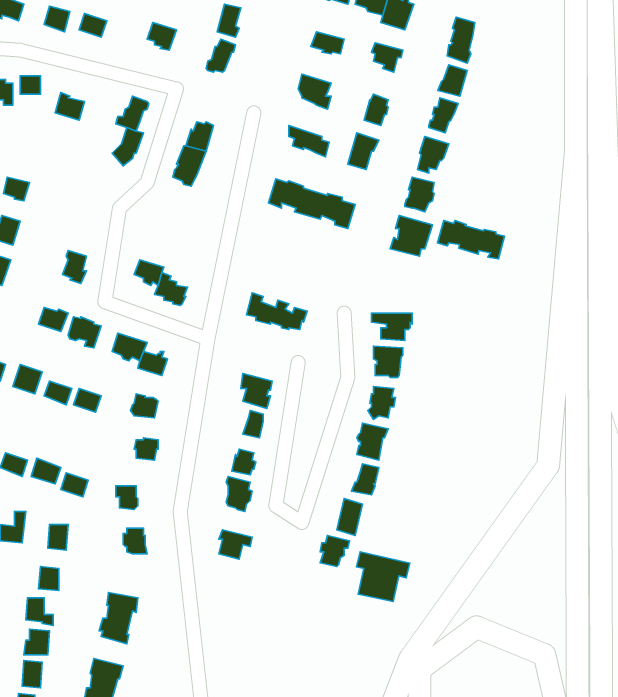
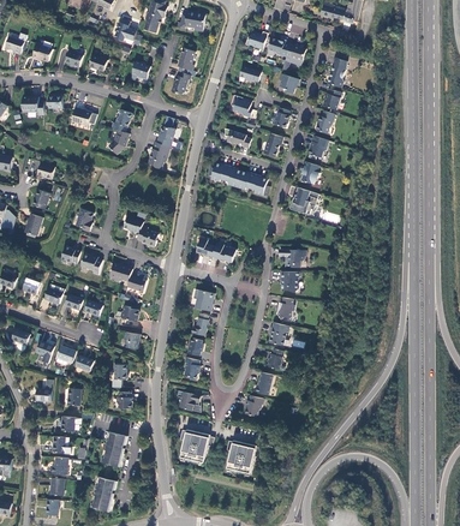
building: [438,221,505,259] -> none
building: [356,552,410,602] -> [226,442,261,474]
building: none -> [180,431,214,464]

